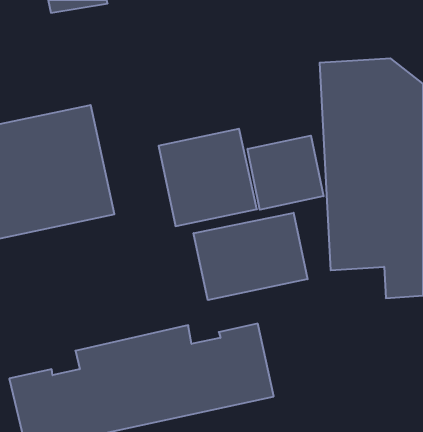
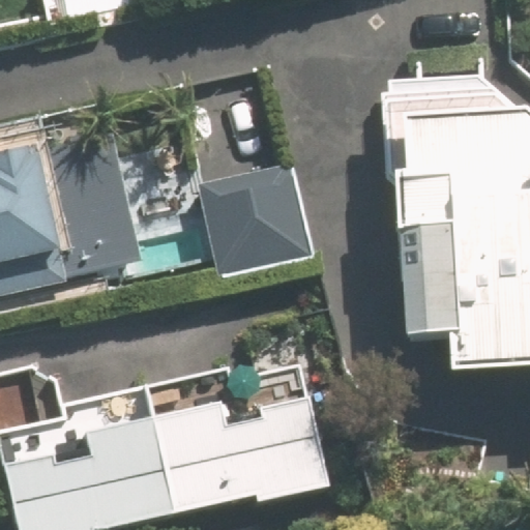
building: [248,136,324,210] -> none
building: [194,213,308,300] -> none

